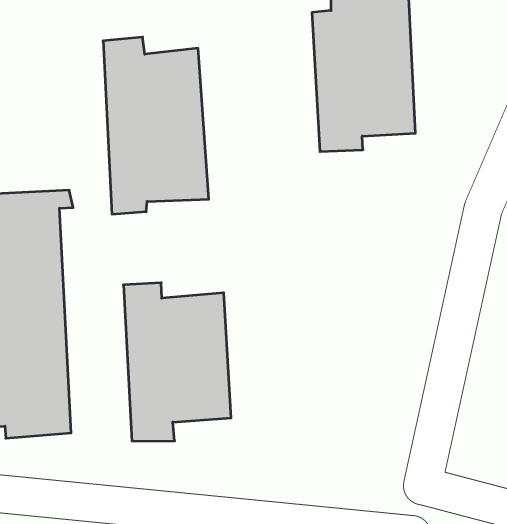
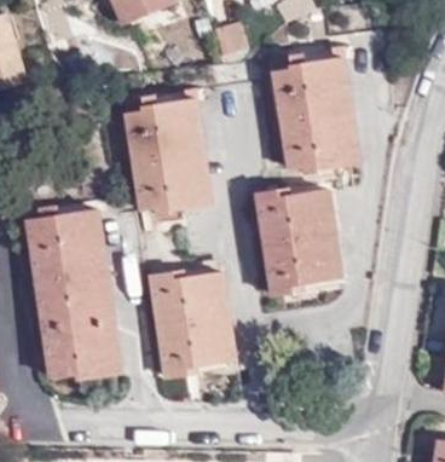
building: none -> [249,174,336,300]

